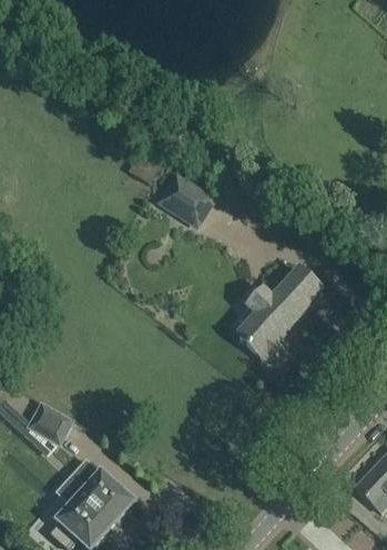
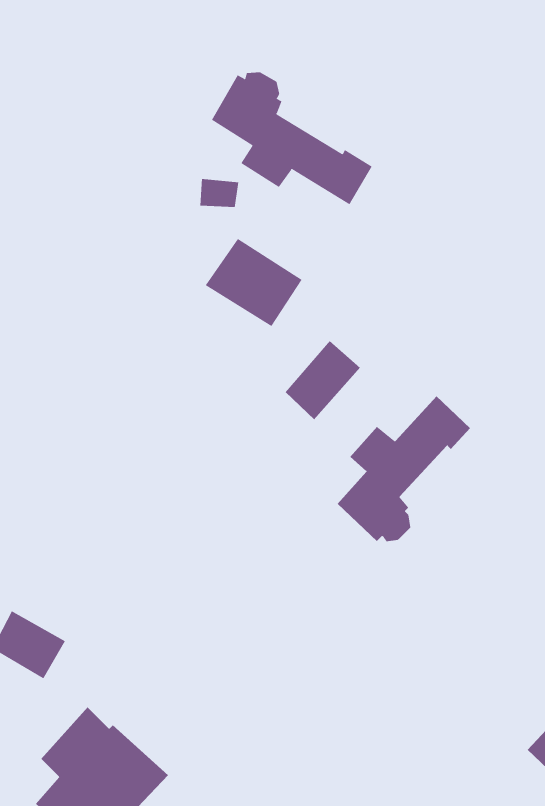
building: none -> [211,72,372,205]
building: none -> [285,340,361,420]

